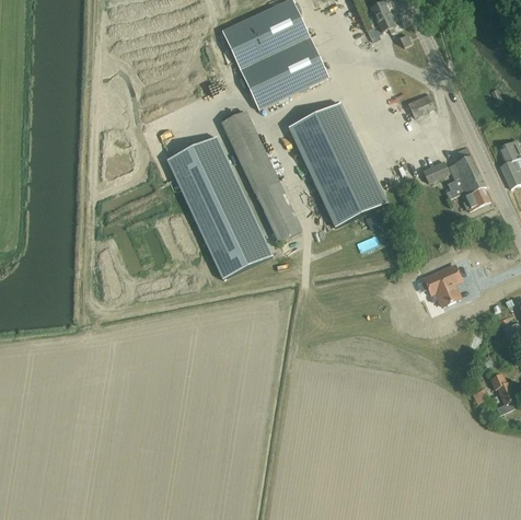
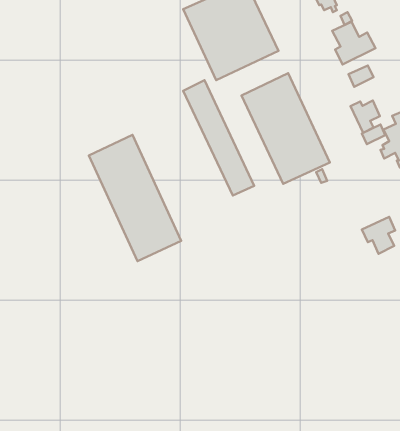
building: none -> [332,22,375,65]
building: none -> [350,101,380,133]
building: [167,136,271,278] -> [89,135,181,261]

